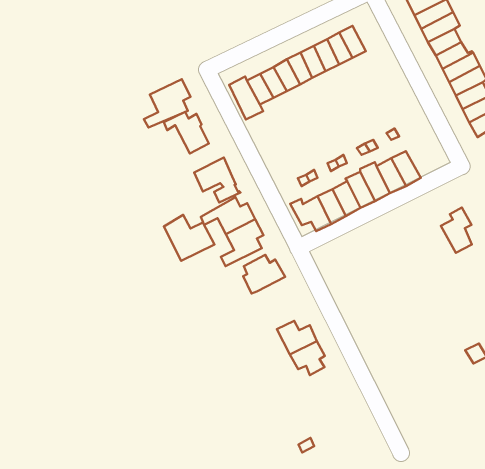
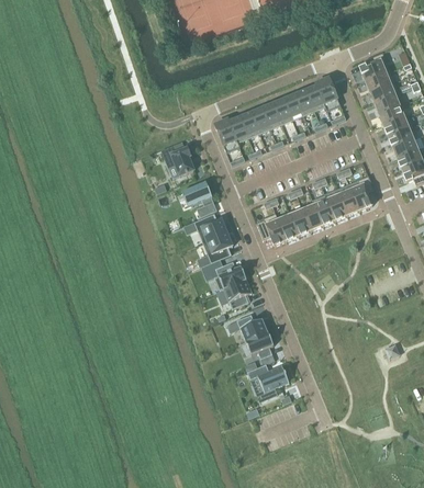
building: none -> [313,77,338,111]
building: [144,79,190,128] -> none
building: [441,208,472,253] -> [348,174,372,209]
building: [164,215,215,261] -> none
building: none -> [222,279,249,308]
building: none -> [246,363,287,391]

